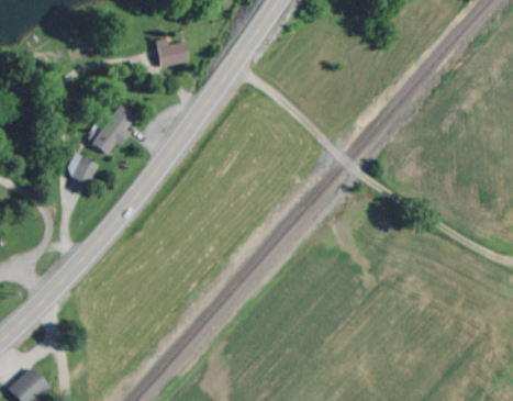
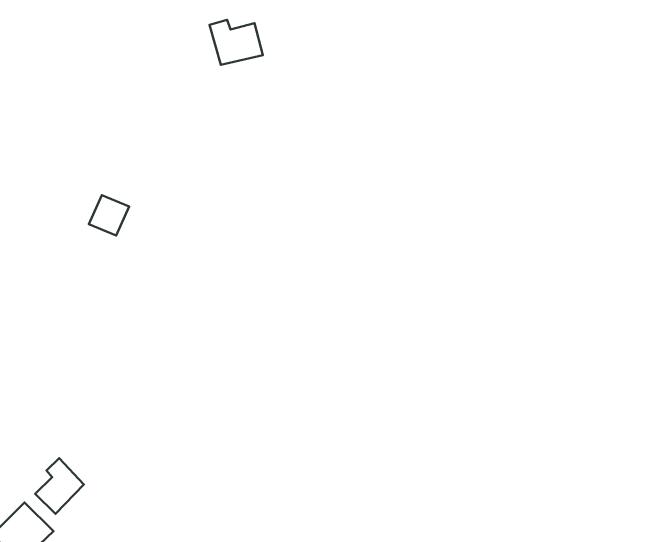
building: [91,104,136,157] -> none
building: none -> [35,458,84,514]

